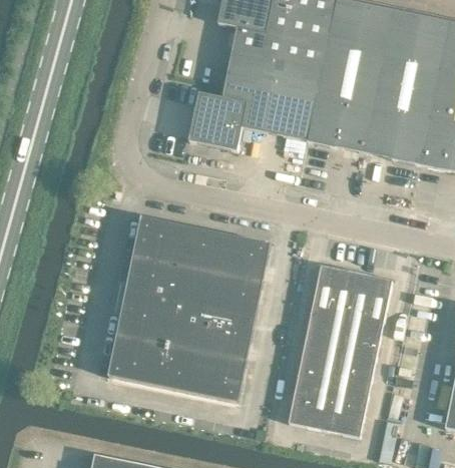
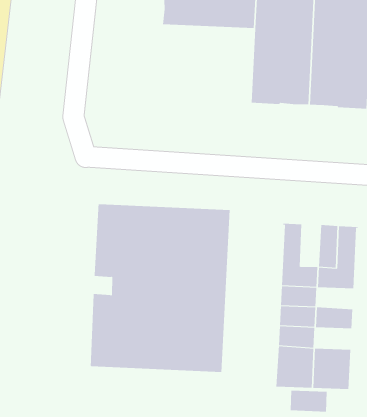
building: [188,50,322,150] -> none
building: [331,268,357,312] -> none
building: [340,332,380,359] -> none
building: [332,371,372,398] -> [290,390,328,412]

